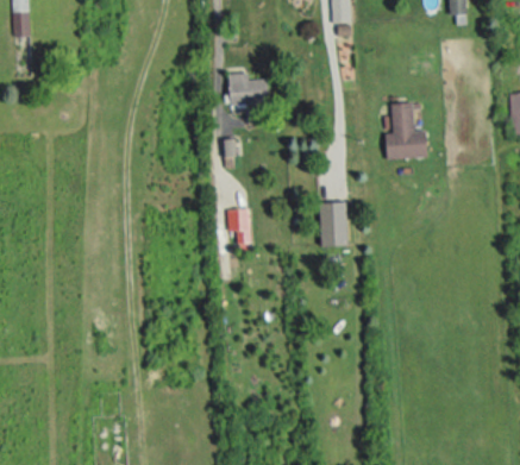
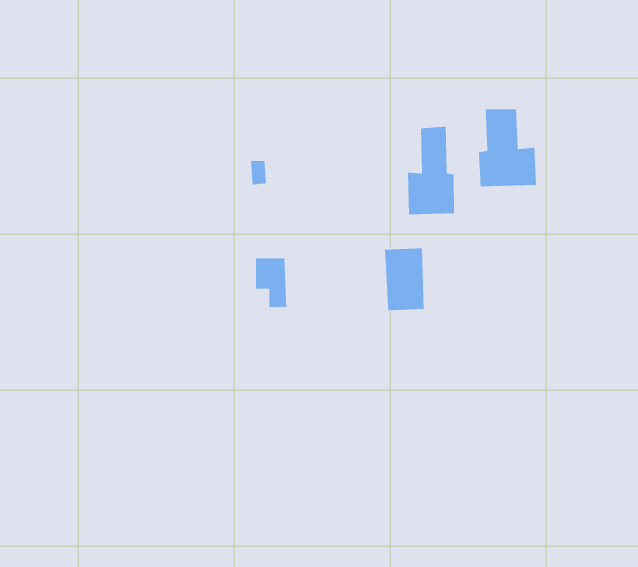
building: [228,74,270,106] -> none
building: none -> [407,126,455,215]

